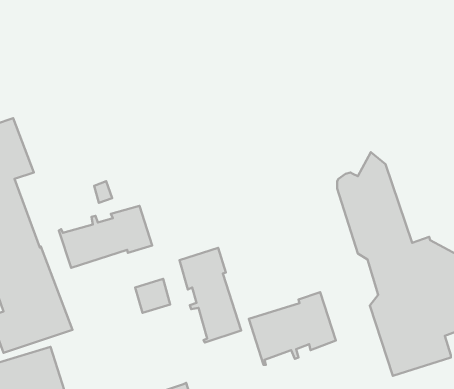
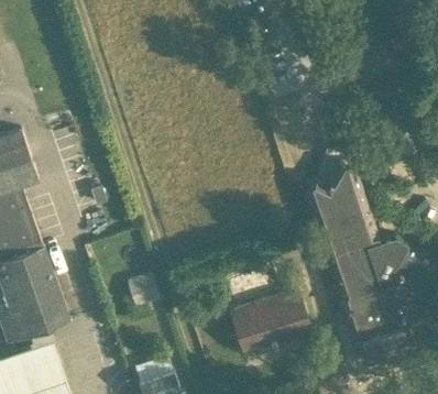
building: [59,206,152,268] -> none
building: [180,248,241,343] -> none

